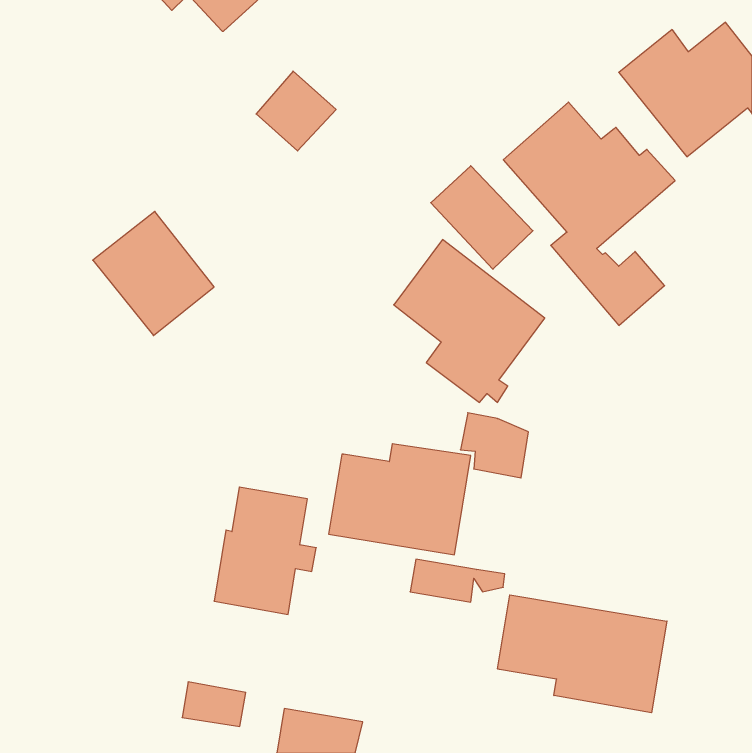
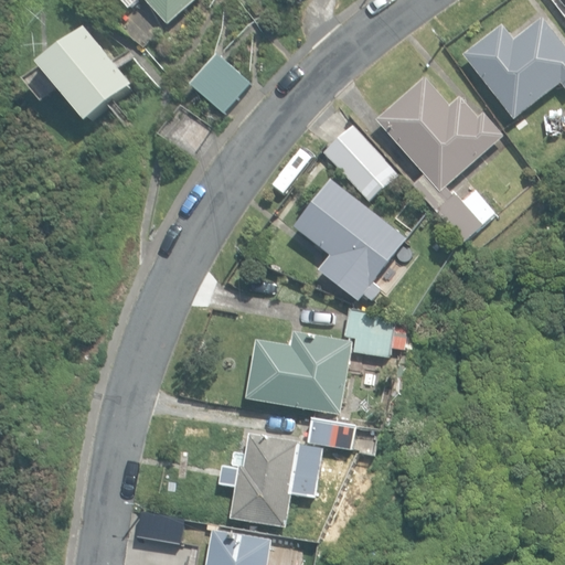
building: [93,211,214,336] -> [41,29,131,121]
building: [214,487,316,614] -> [230,431,306,526]
building: [498,595,667,713] -> none

